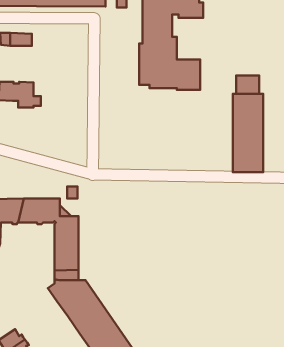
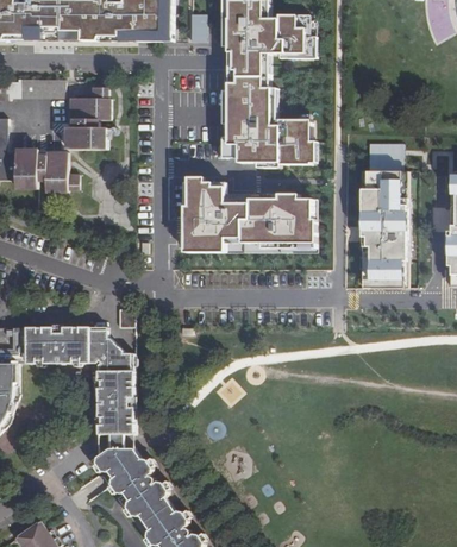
building: none -> [65,87,107,149]
building: none -> [183,181,315,251]

